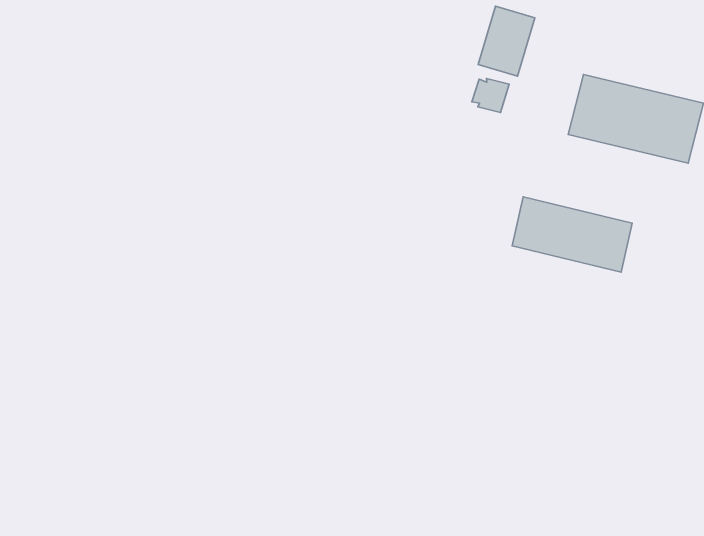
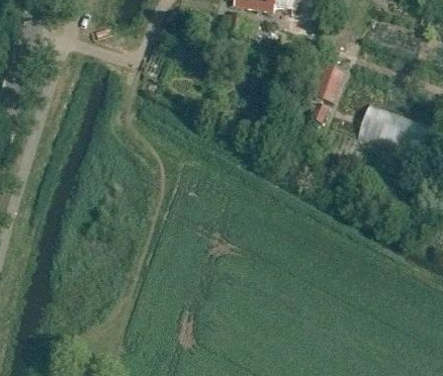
building: [512,197,632,272] -> none

